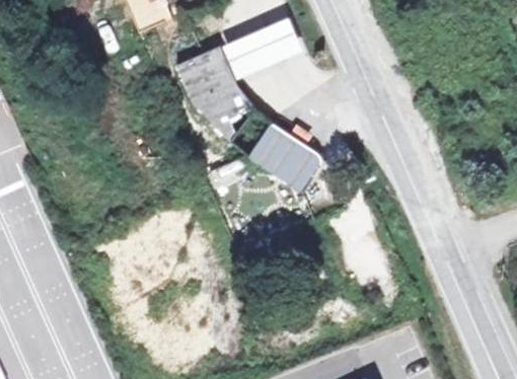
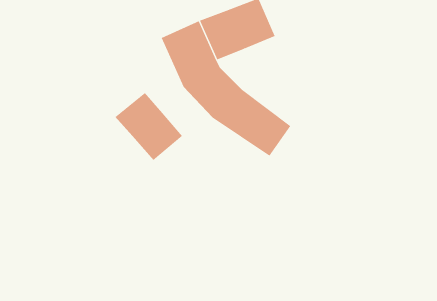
building: none -> [114,92,183,161]

